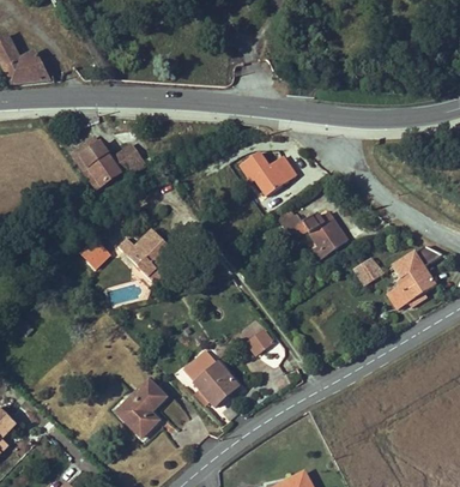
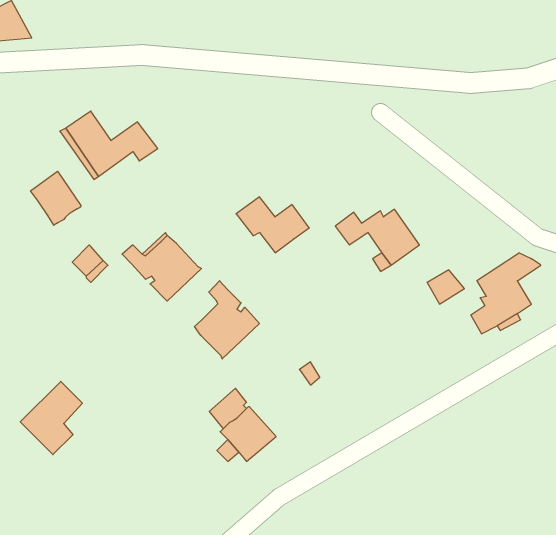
building: [240,151,296,194] -> [236,197,309,253]
building: none -> [31,171,81,225]
building: none -> [195,281,259,359]
building: [116,379,164,435] -> [20,381,82,455]

